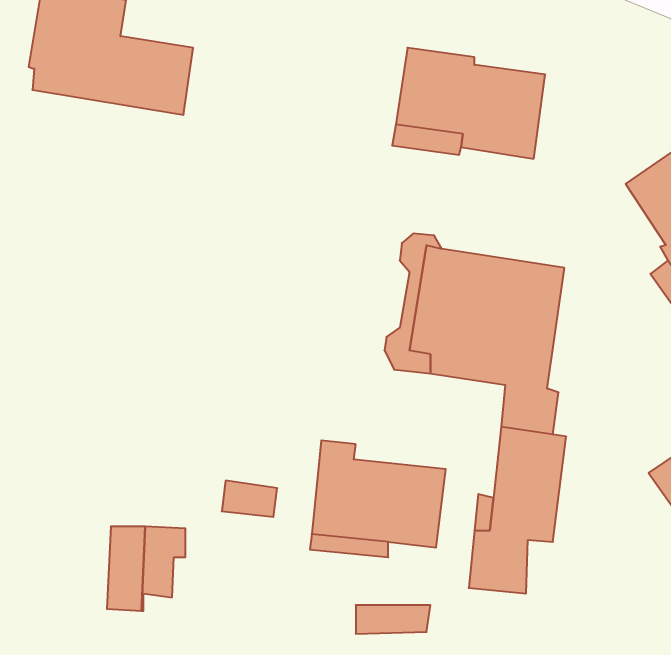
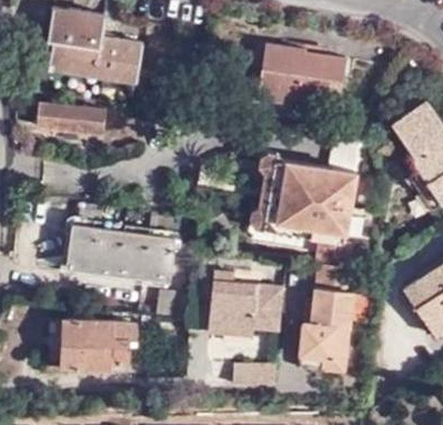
building: none -> [36,102,104,132]
building: none -> [69,224,174,282]
building: none -> [62,320,93,368]
building: none -> [300,328,350,374]

